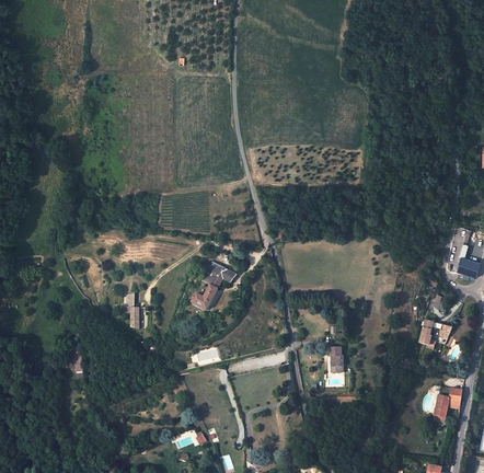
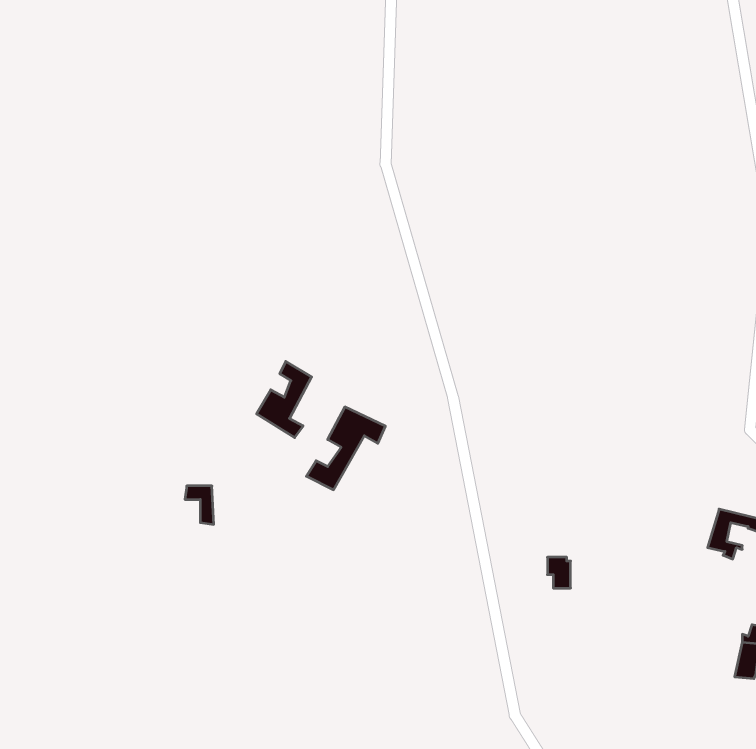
building: none -> [257,361,312,438]

